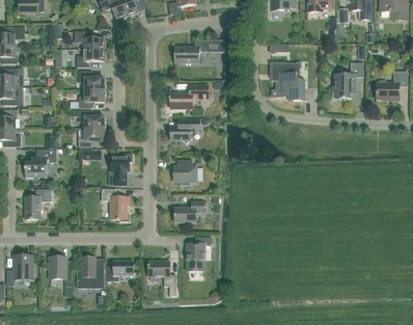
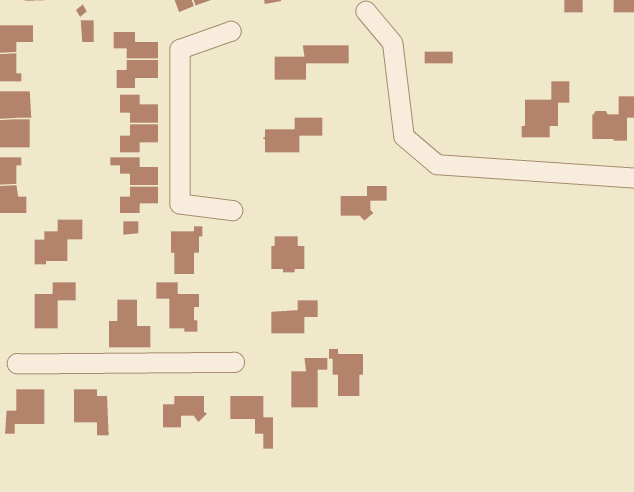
building: [271,62,307,100] -> none
building: [170,120,200,143] -> [340,185,388,221]
building: none -> [328,348,364,397]
building: [77,256,104,288] -> [108,299,151,348]

